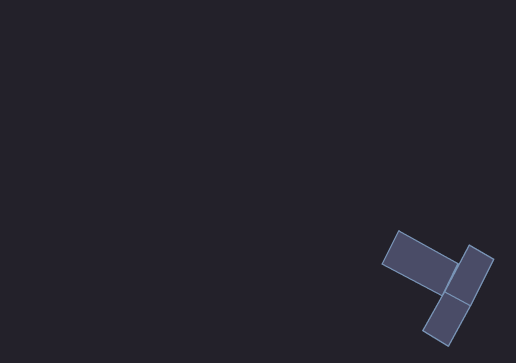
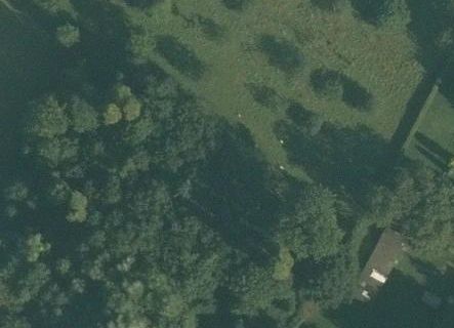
building: [382,231,458,296] -> none

